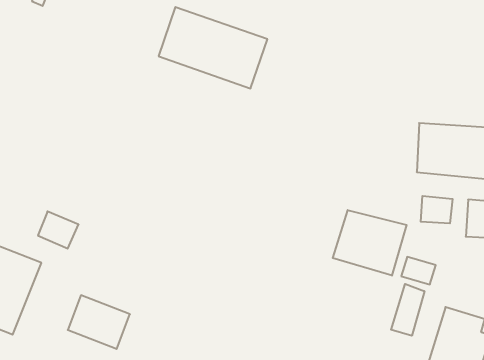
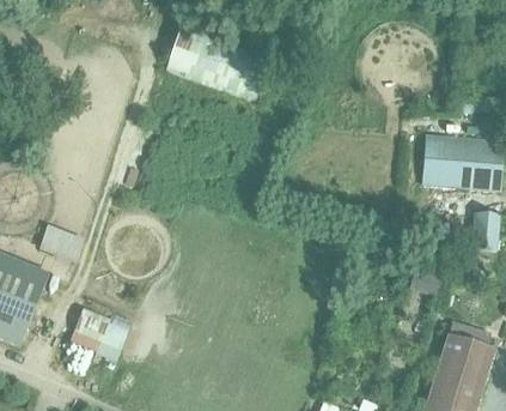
building: [421,196,453,223] -> none
building: [333,210,407,276] -> none
building: [391,284,424,336] -> none

